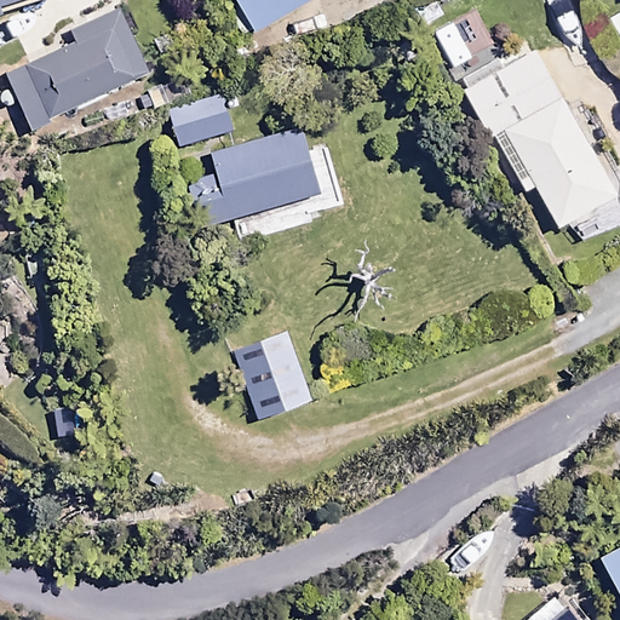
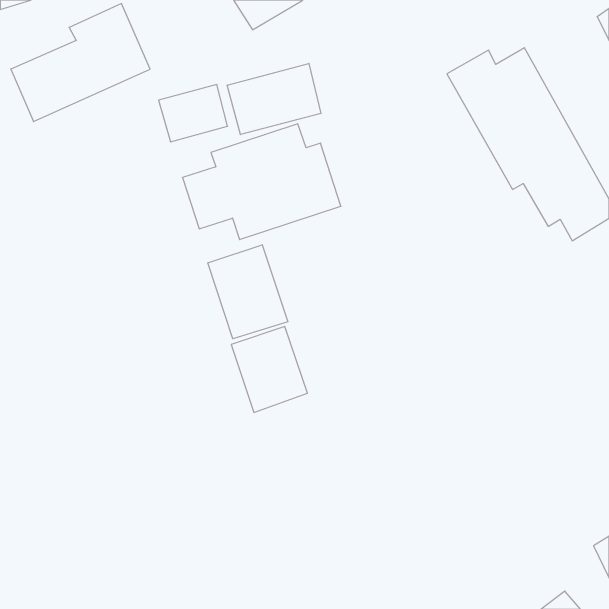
building: none -> [227,63,321,135]
building: none -> [208,245,288,339]

